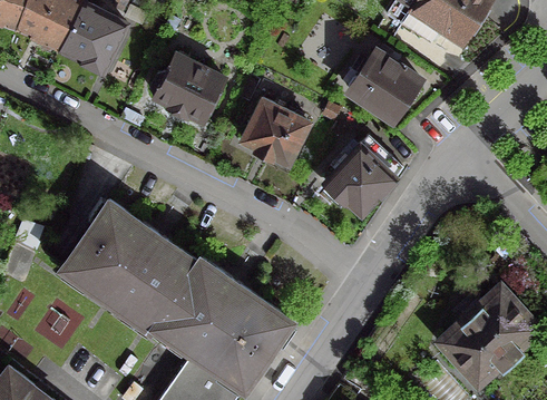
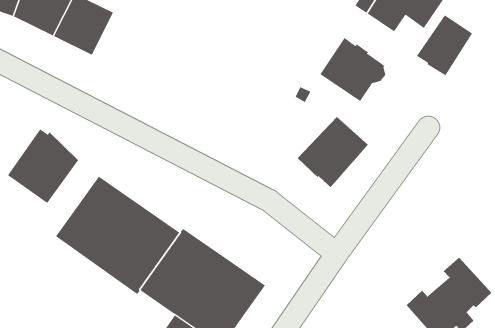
building: none -> [416,14,473,76]
building: [152,55,224,121] -> none
building: [242,100,310,165] -> none
building: none -> [7,128,79,204]

